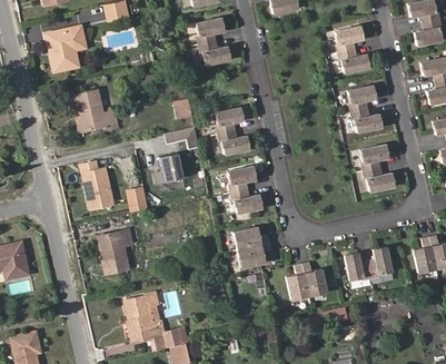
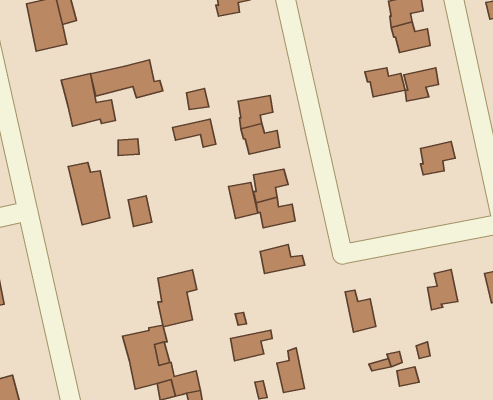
building: [200,40,231,63] -> none
building: none -> [91,60,163,98]
building: [350,108,383,131] -> [365,68,405,97]
building: [159,153,182,181] -> [228,182,258,219]
building: [364,167,395,190] -> none
building: [101,228,132,274] -> [158,270,197,327]
building: [237,243,270,267] -> [230,330,272,361]
building: [344,253,370,281] -> none
building: [286,264,308,299] -> [277,348,305,393]

